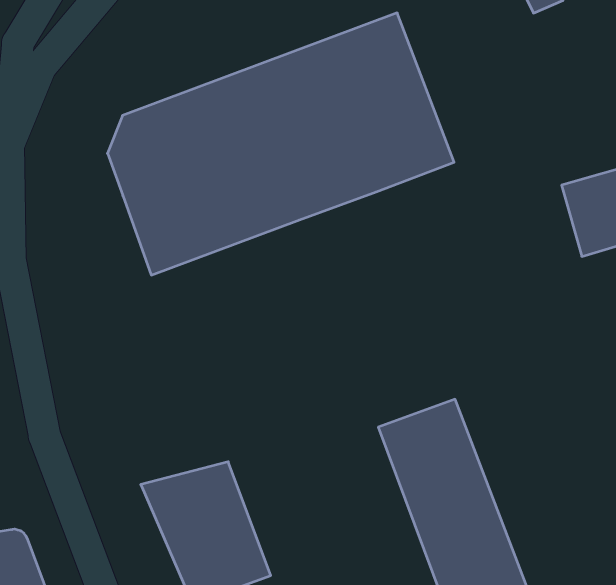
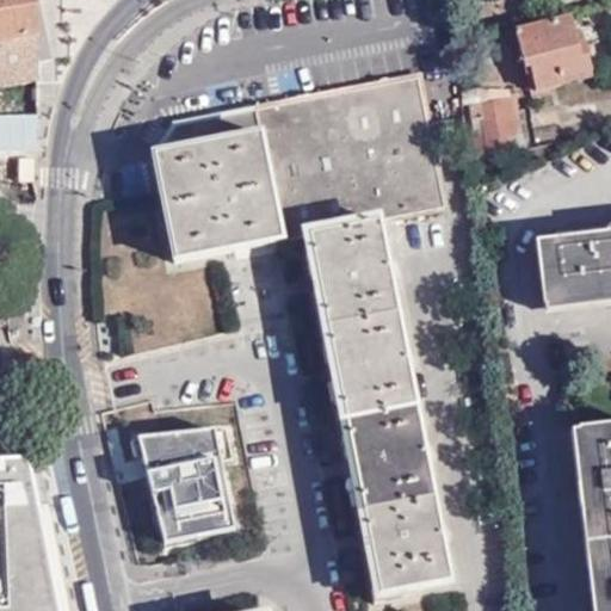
building: none -> [465,97,518,160]
building: none -> [307,220,414,420]

